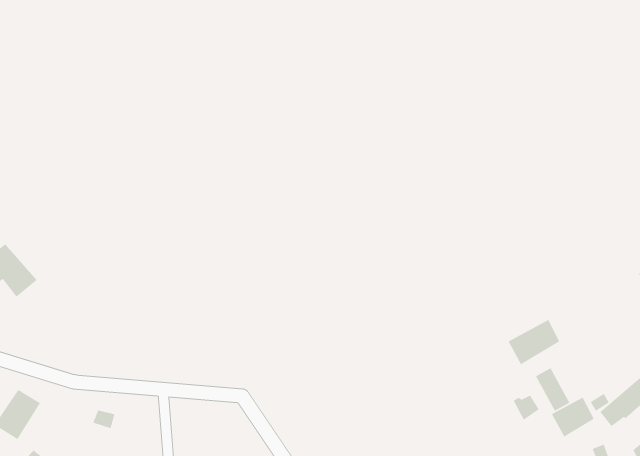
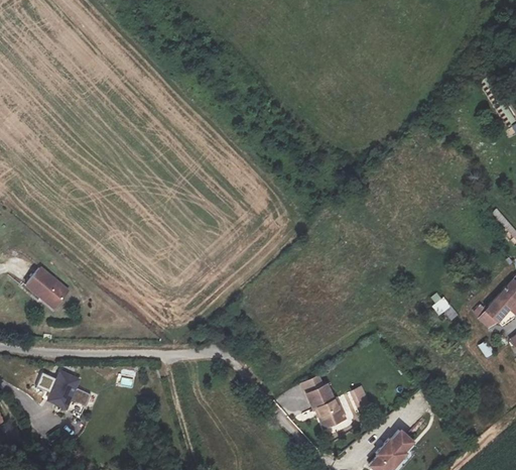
building: [508,319,560,365] -> none
building: [551,397,595,437] -> none

